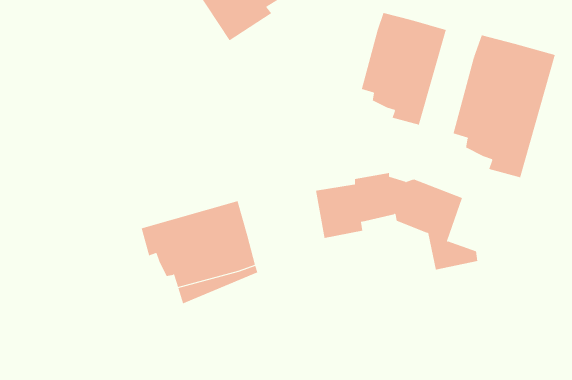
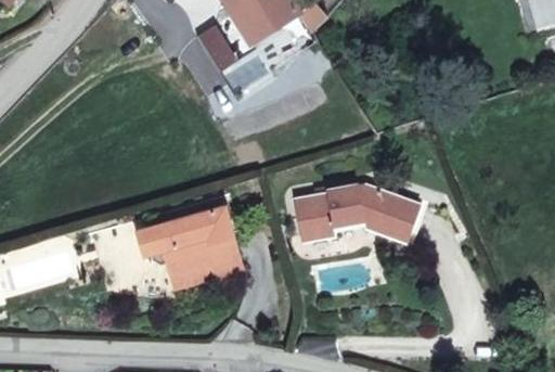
building: [361,12,446,126] -> none
building: [453,34,556,178] -> none

